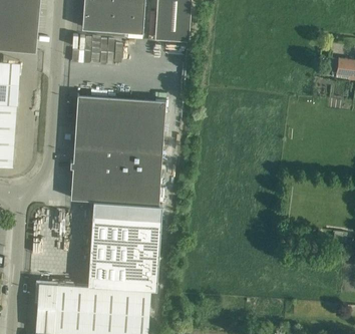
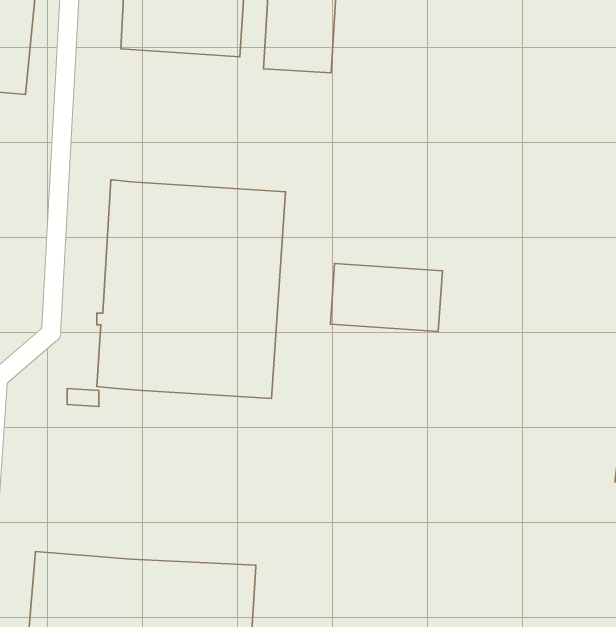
building: none -> [330,264,442,332]
building: [87,202,161,291] -> none

